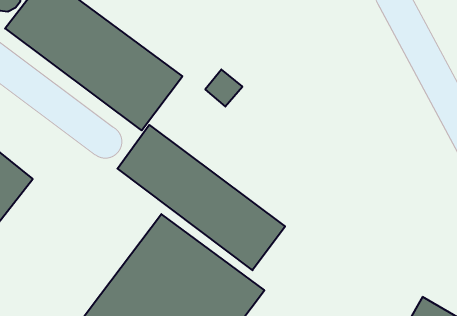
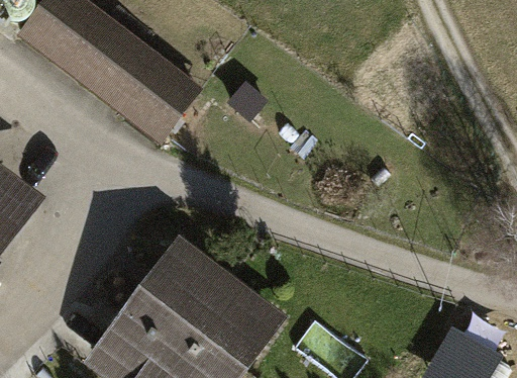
building: [117,125,285,270] -> none

